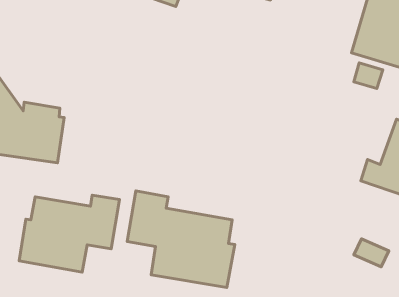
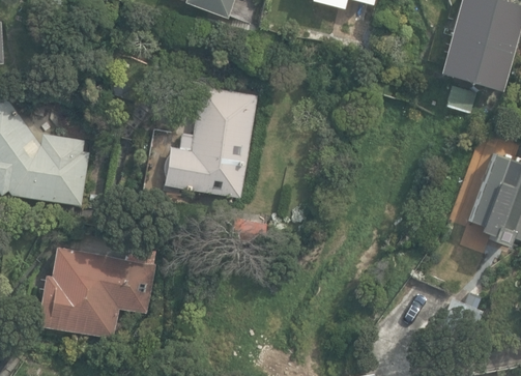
building: none -> [165,86,258,196]
building: [127,191,235,288] -> none

